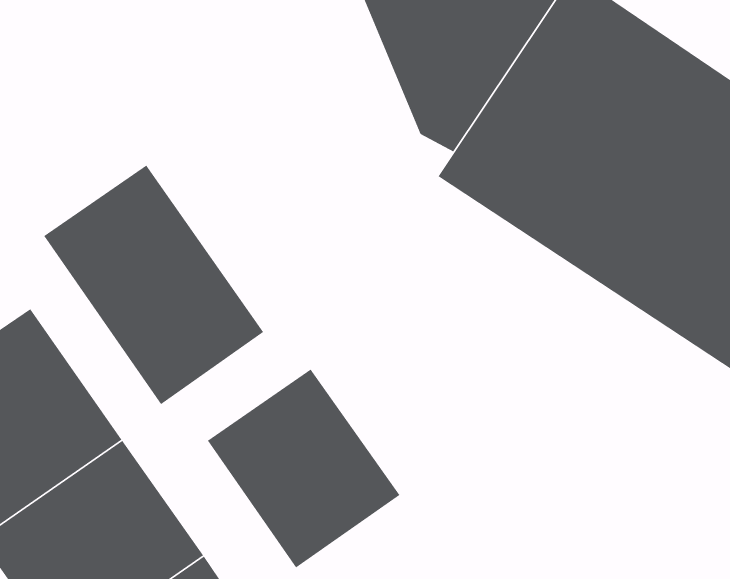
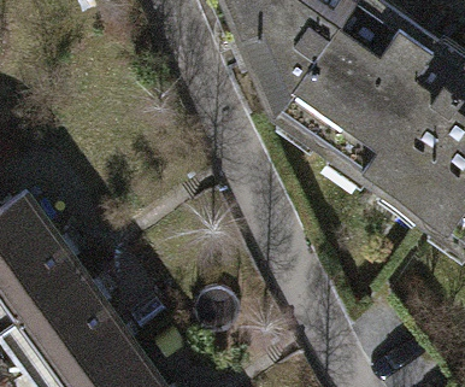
building: [43,165,264,405] -> none
building: [207,369,400,569] -> none

